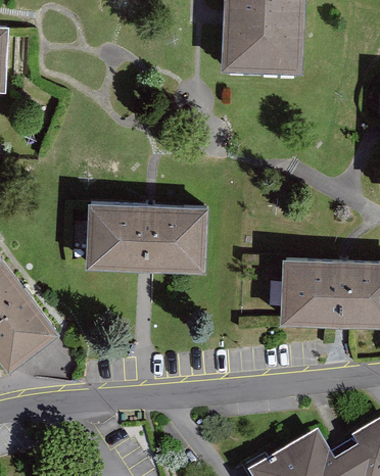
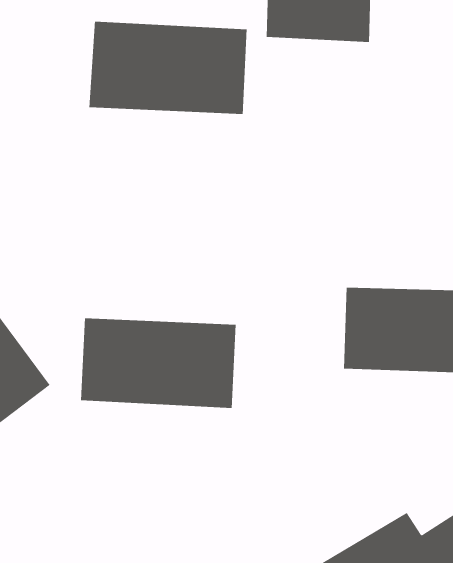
building: none -> [89,21,247,115]
building: [86,203,205,273] -> [80,318,237,409]

